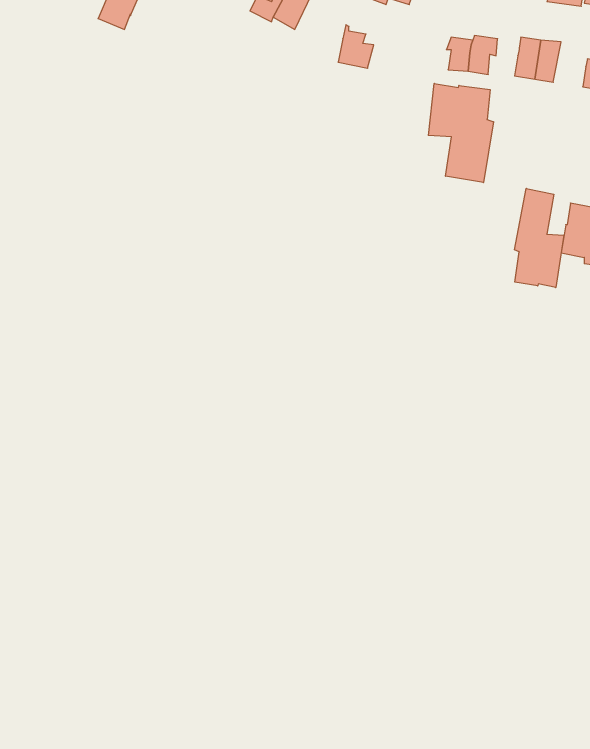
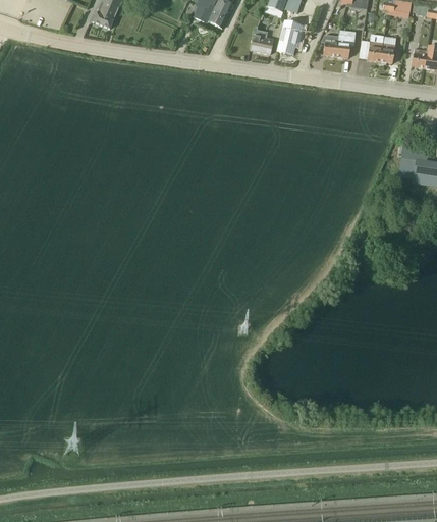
building: none -> [277,21,299,55]
building: [428,83,494,183] -> none
building: [515,188,564,288] -> none

